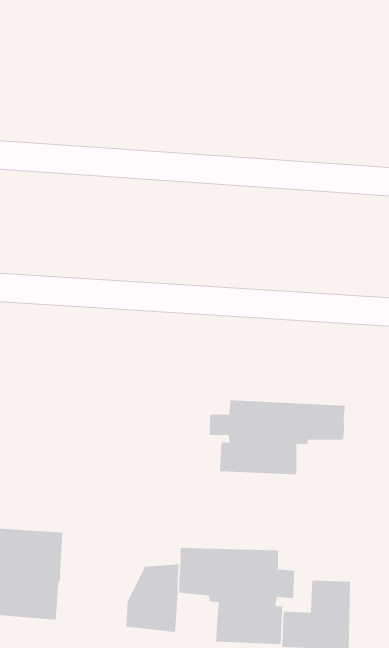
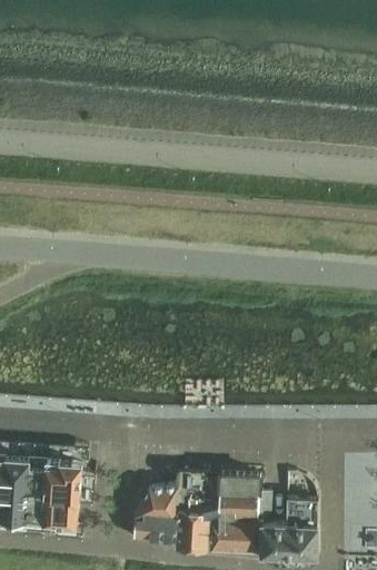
building: [209,399,346,475] -> none
building: none -> [173,509,208,549]

